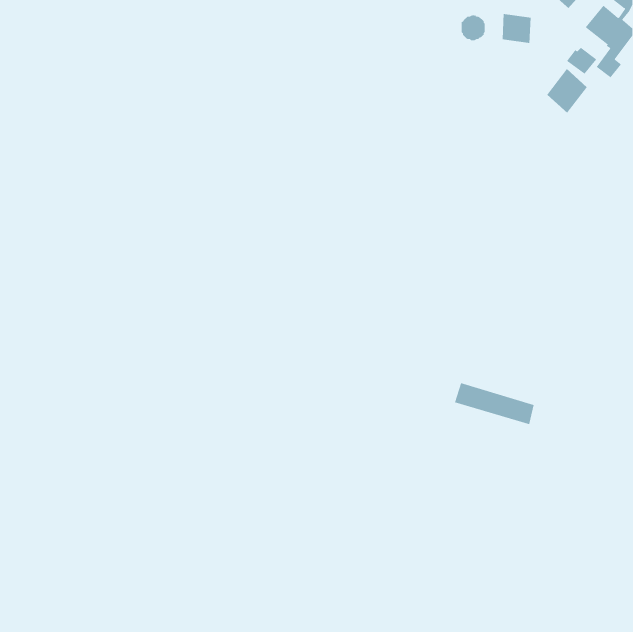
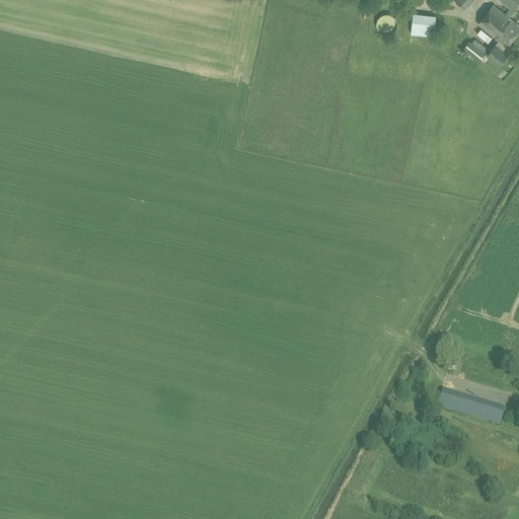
building: [547,68,587,114] -> none
building: [454,383,535,425] -> [439,389,505,424]

